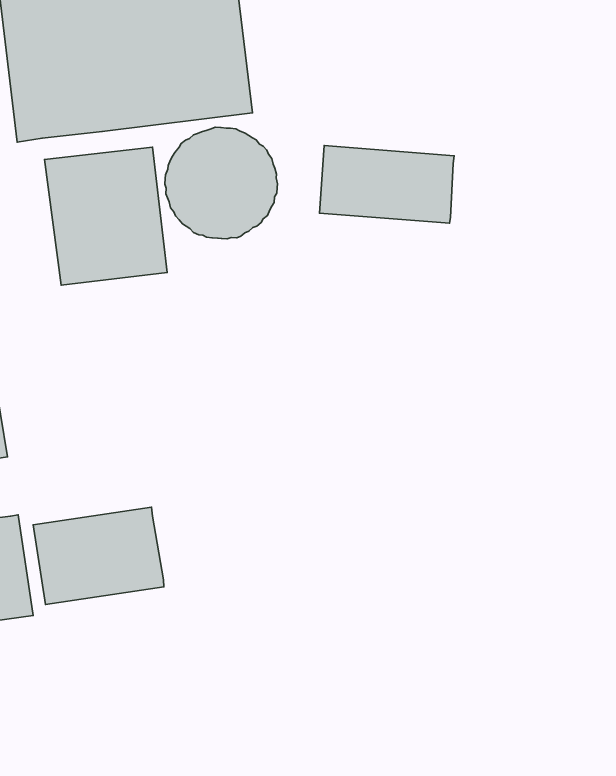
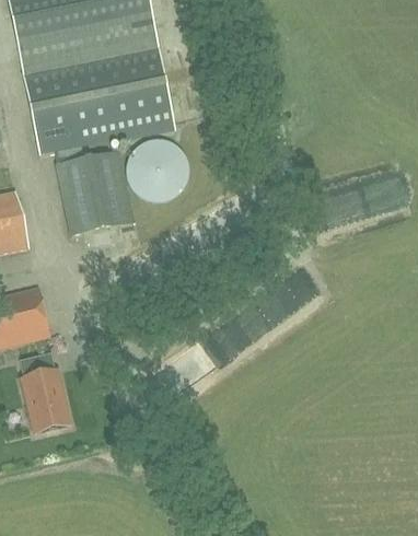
building: [319,146,454,223] -> none
building: [33,507,164,604] -> none

